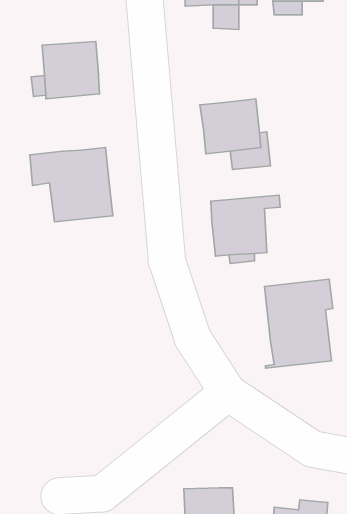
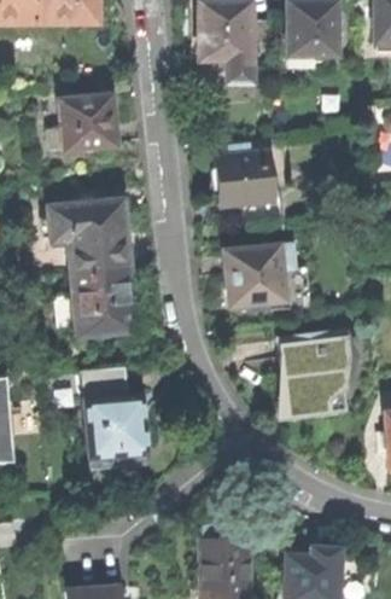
building: none -> [70,266,133,336]
building: none -> [80,364,146,467]

